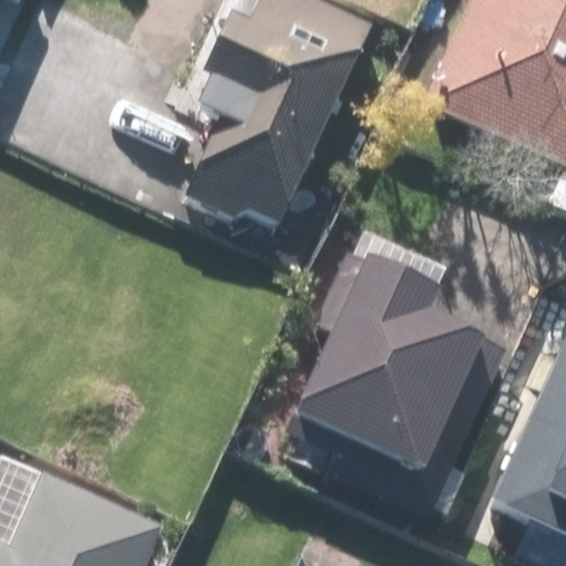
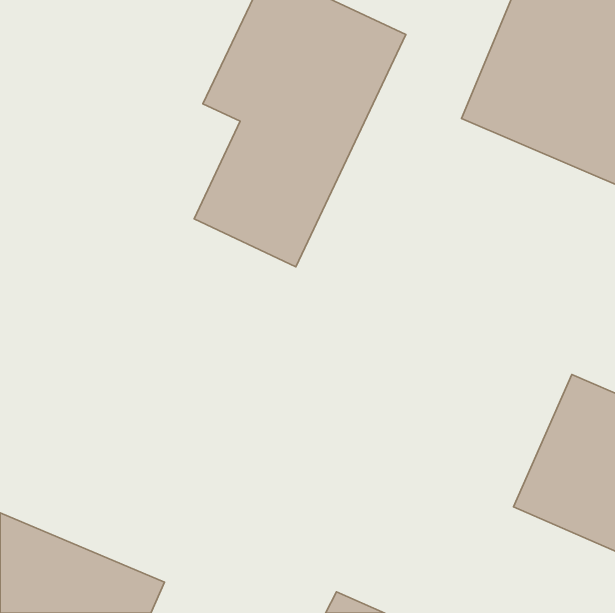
building: [286,266,483,484] -> none

